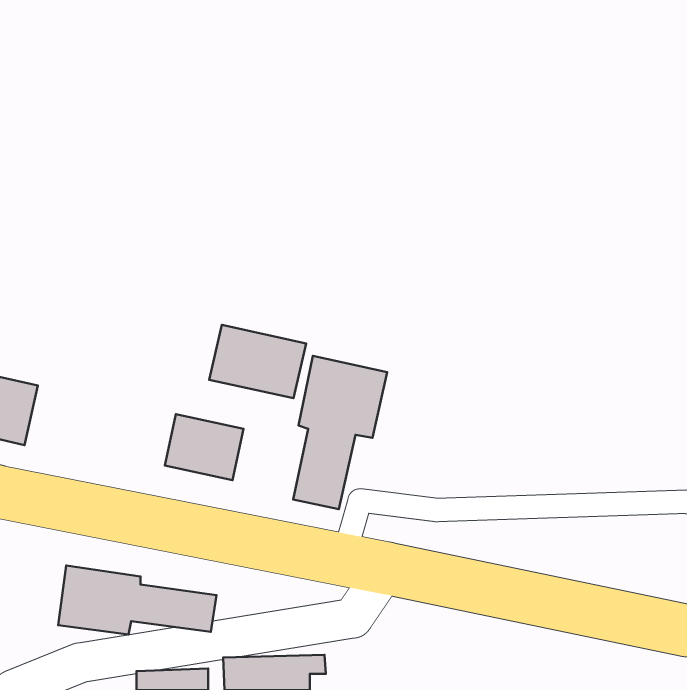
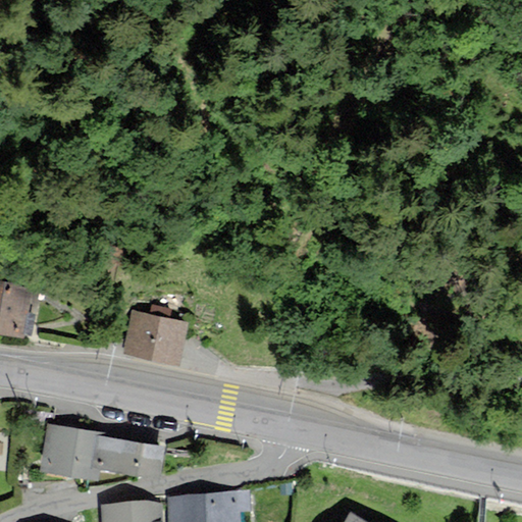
building: [209,325,306,398] -> none
building: [293,356,387,509] -> none

